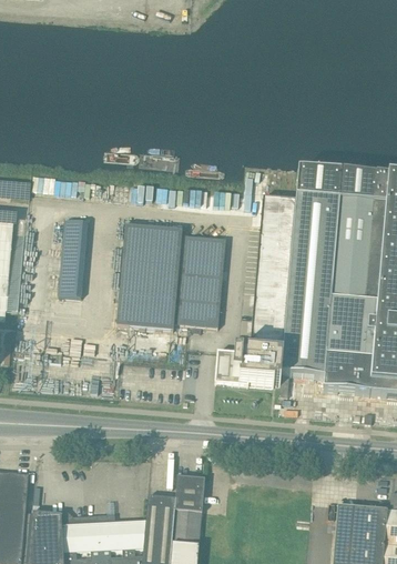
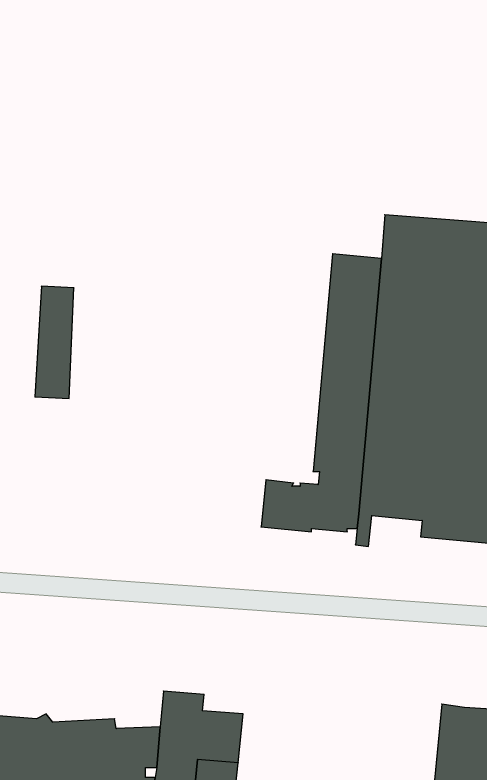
building: [116,224,226,330] -> none
building: [175,475,205,511] -> none

